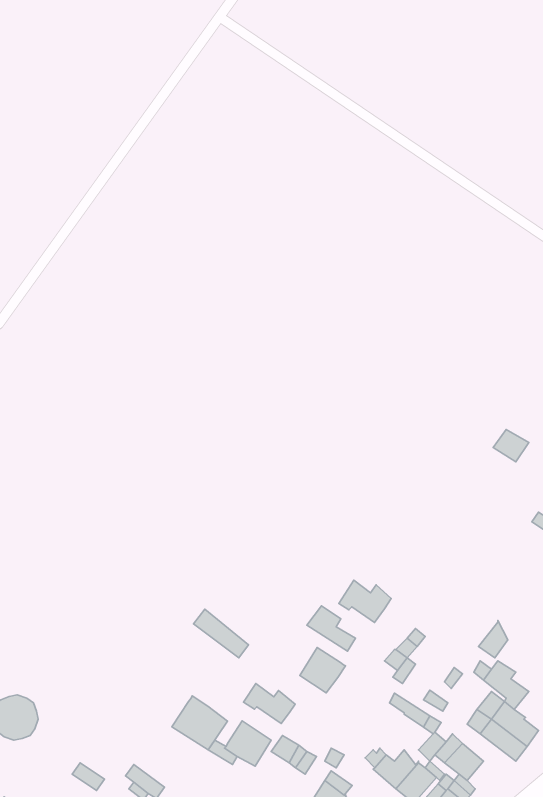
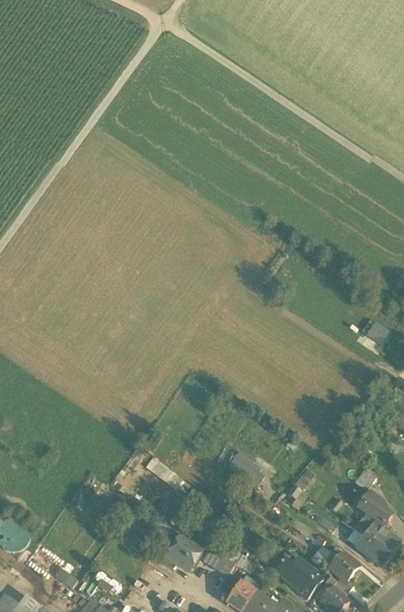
building: [339,580,391,622] -> none
building: [300,648,346,693] -> none
building: [244,683,295,723] -> none
building: [172,696,228,750] -> none

